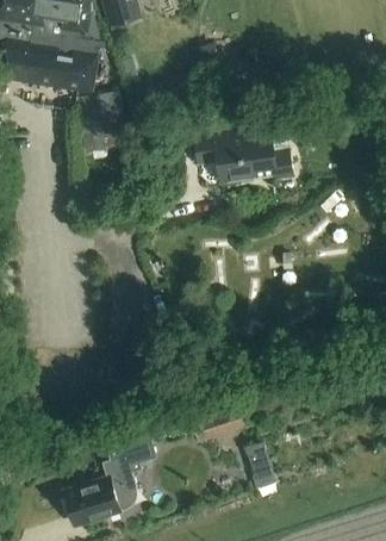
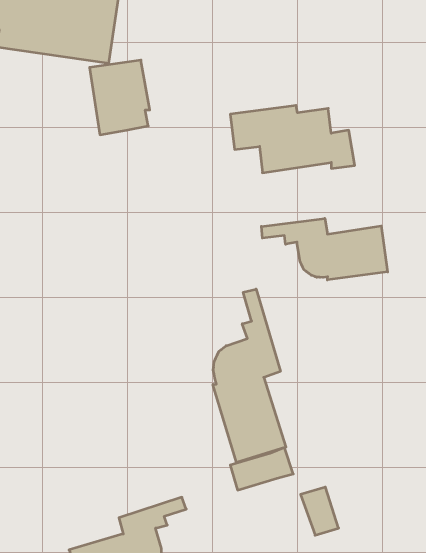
building: none -> [261,218,388,280]
building: none -> [213,289,286,462]

